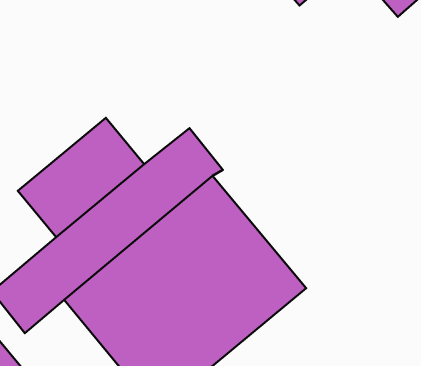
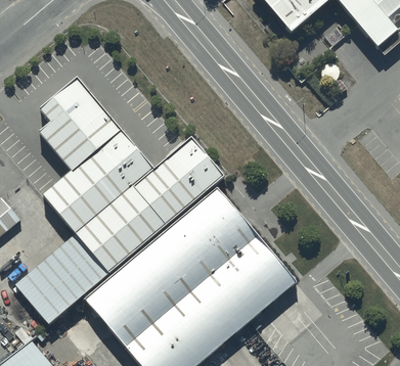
building: none -> [40,82,121,173]

